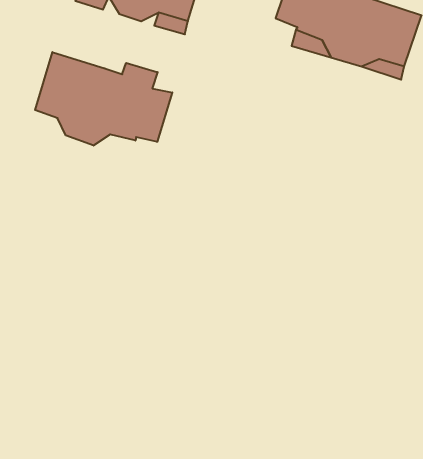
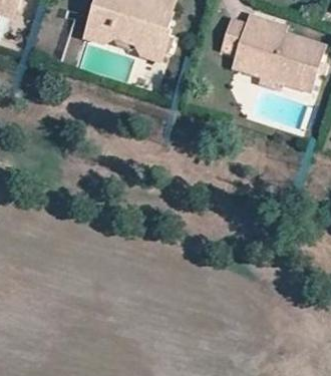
building: [35,52,172,146] -> none

